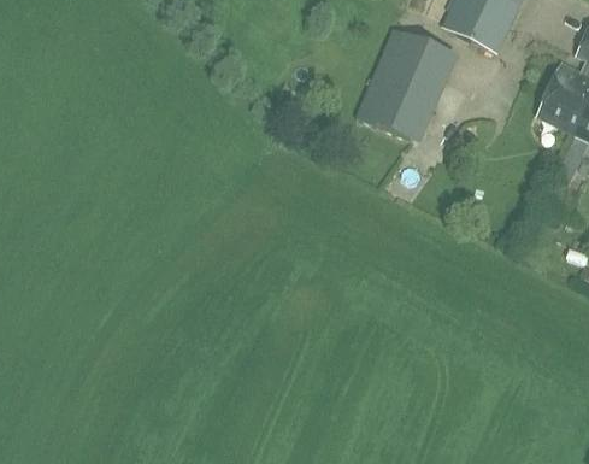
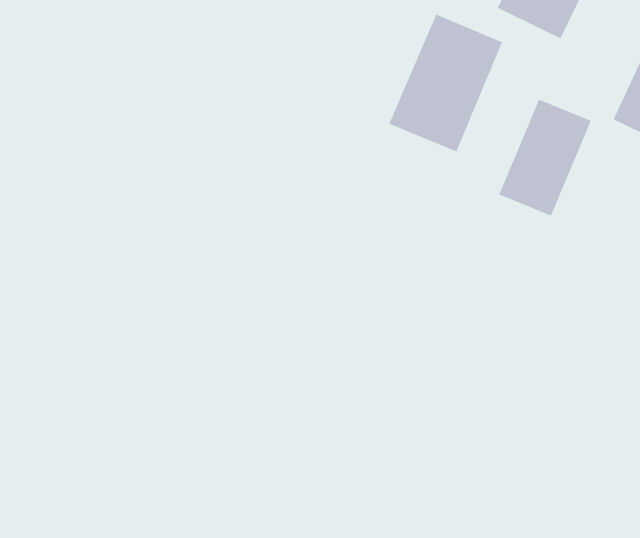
building: none -> [499,99,591,217]

